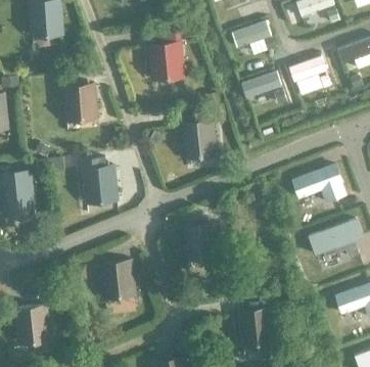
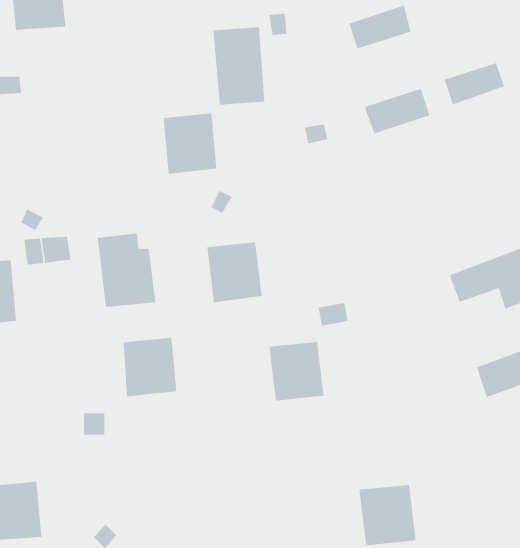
building: [64,84,97,121] -> [163,113,217,174]
building: [183,120,217,156] -> [206,242,263,303]
building: [101,261,134,296] -> [123,337,177,397]

